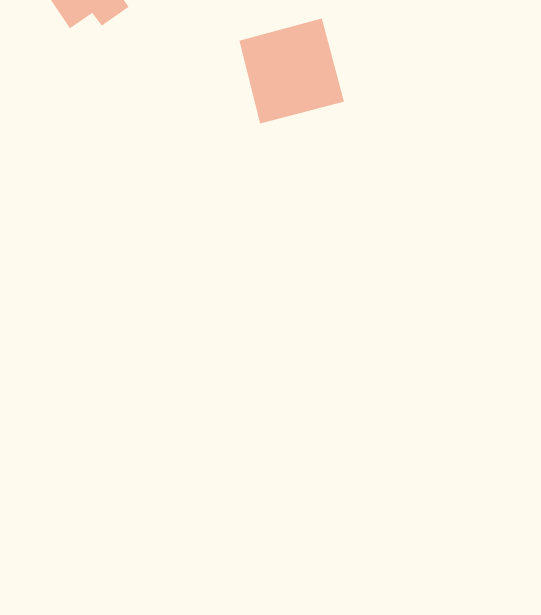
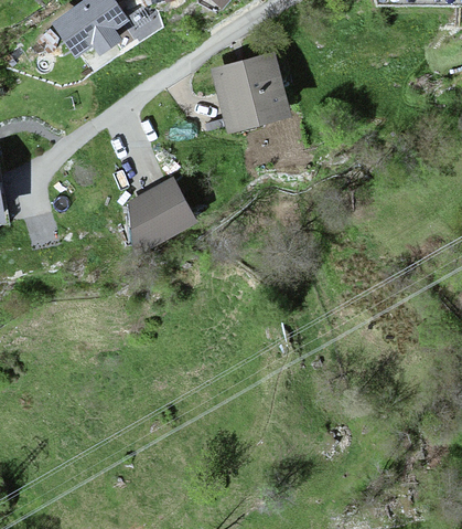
building: none -> [125,180,197,250]

